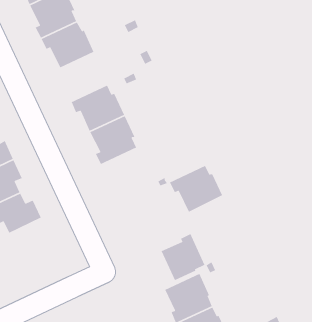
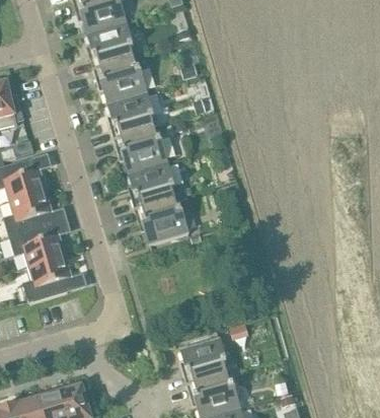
building: none -> [108,91,155,139]
building: [168,165,223,213] -> [134,197,188,243]
building: none -> [23,254,72,301]
building: [161,232,205,281] -> none

